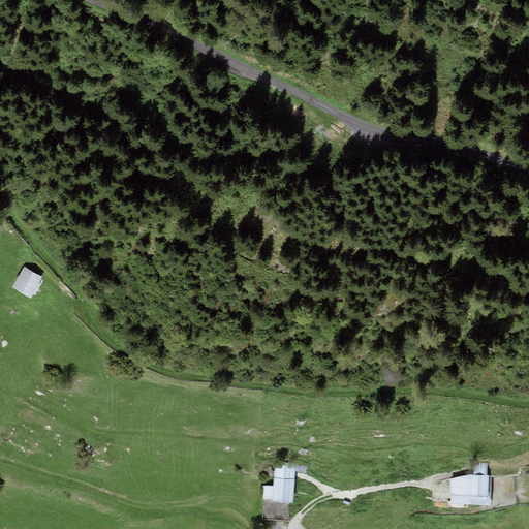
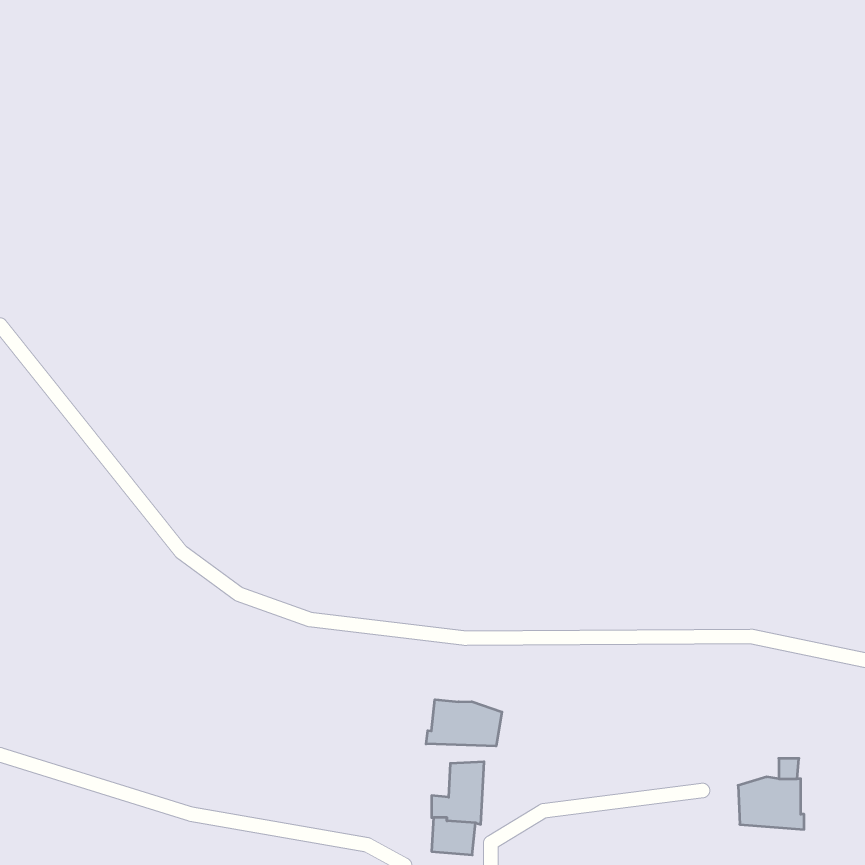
building: [11,266,43,299] -> none
building: none -> [426,700,502,746]

